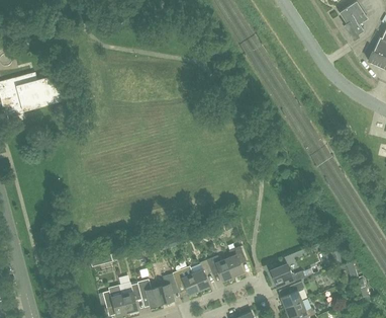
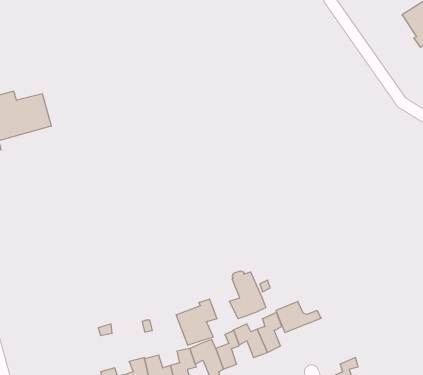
building: none -> [229,271,266,319]
building: none -> [176,299,217,345]
building: [270,263,305,288] -> [276,301,321,333]

